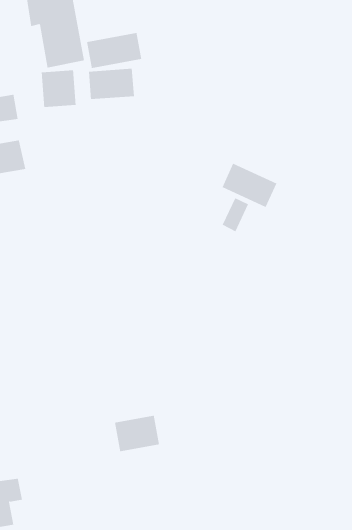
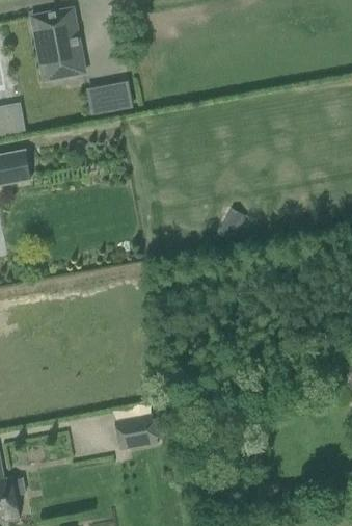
building: [86,32,142,69] -> none
building: [41,69,76,108] -> none
building: [222,163,277,208] -> none

